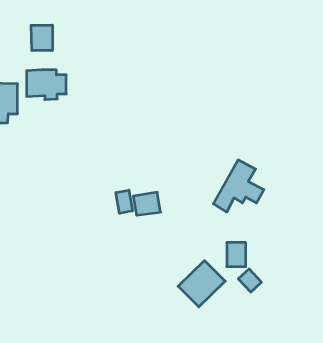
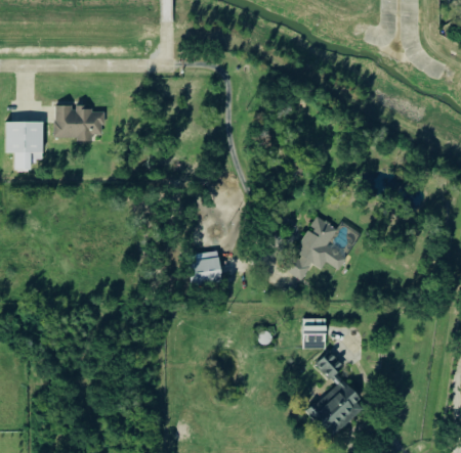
building: [31,25,52,51] -> none
building: [116,190,132,213] -> none
building: [178,261,225,307] -> [308,379,367,437]

